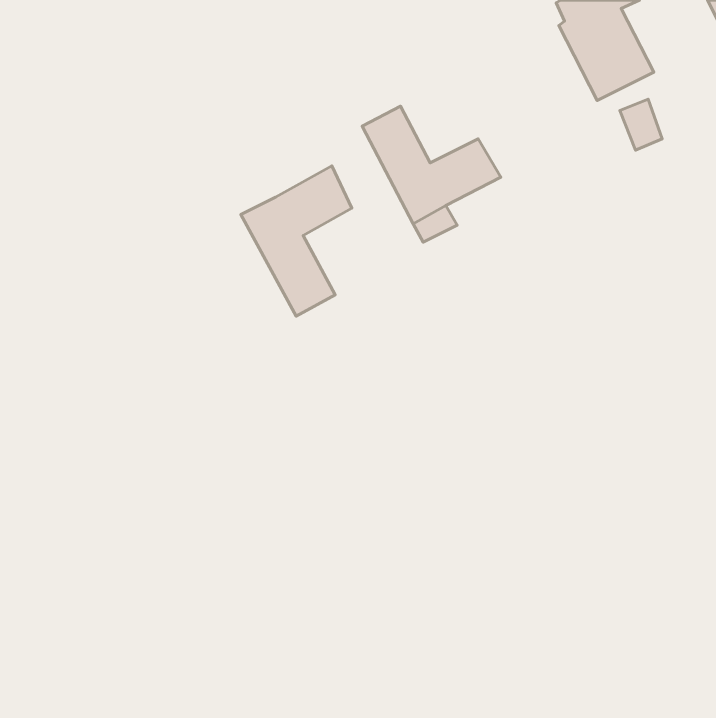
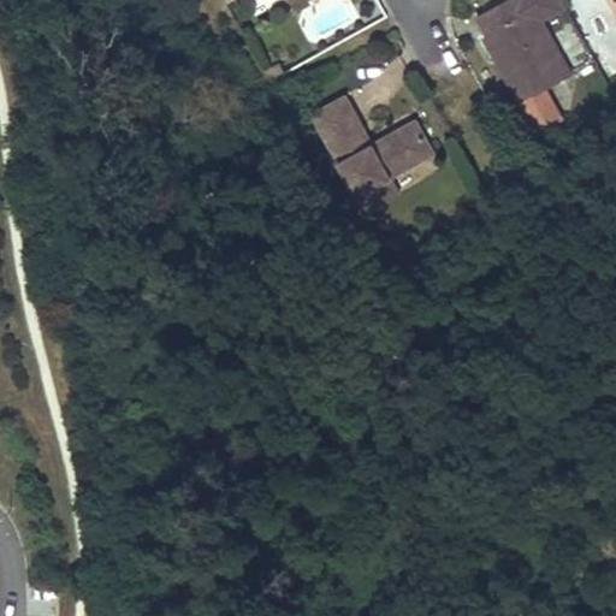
building: [241,166,352,316] -> none

